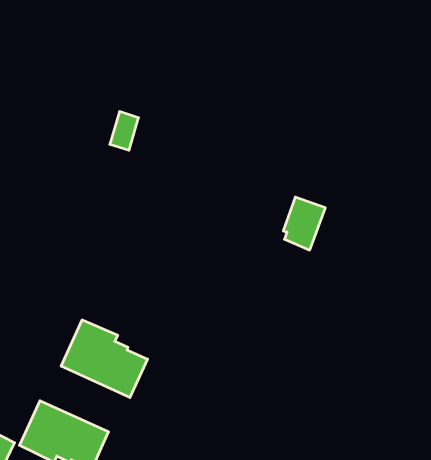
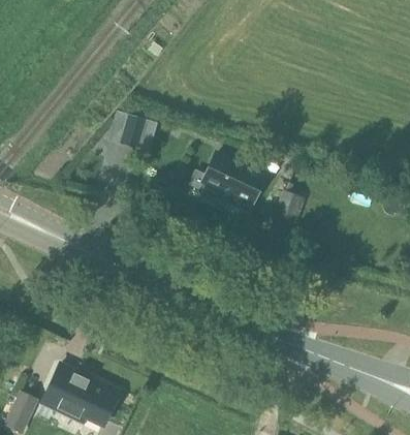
building: none -> [200,156,264,209]
building: [61,320,148,398] -> none

